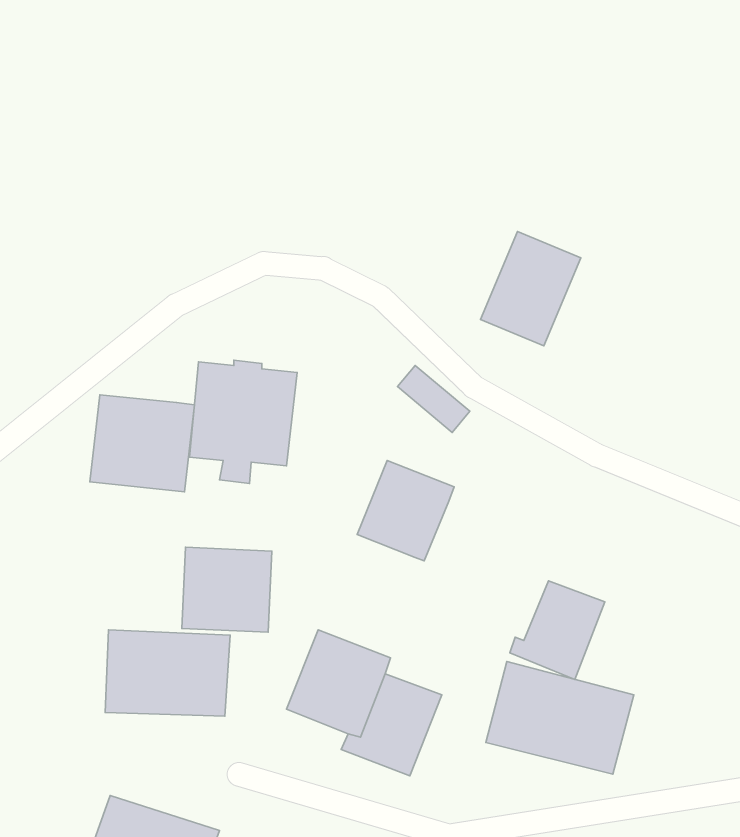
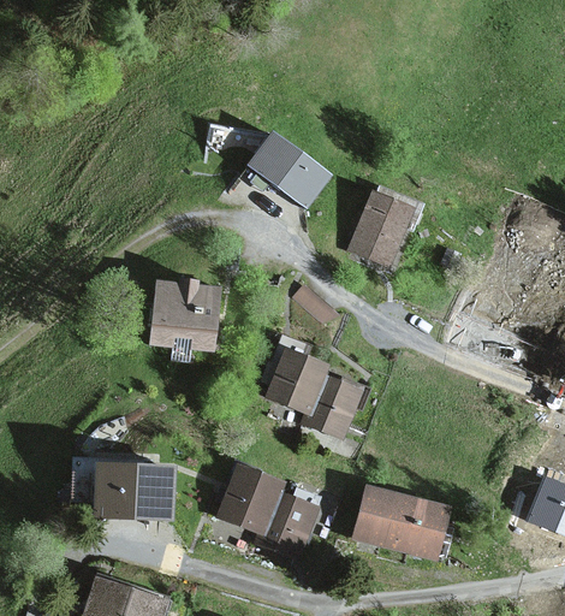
building: none -> [248,131,335,212]
building: [90,395,194,492] -> none
building: [182,547,272,632] -> none
building: [510,581,605,679] -> [299,374,364,442]

